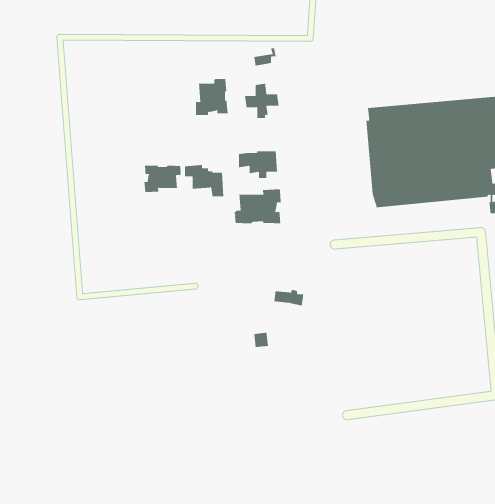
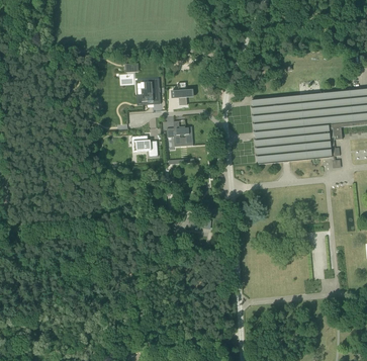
building: [141,165,182,193] -> none
building: [233,189,285,224] -> none

